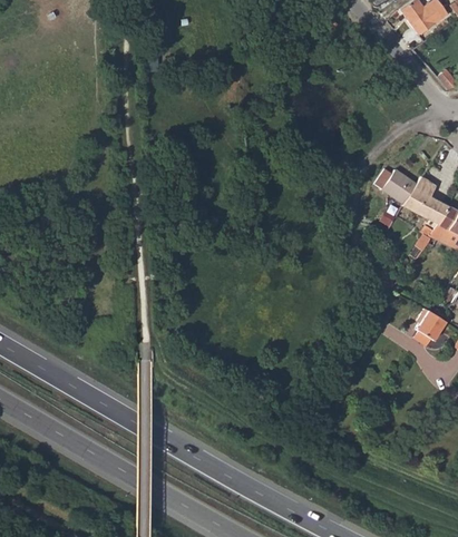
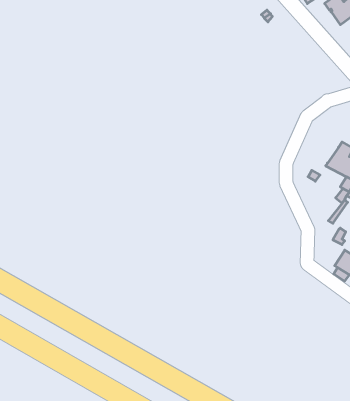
building: [376,169,418,203] -> none

